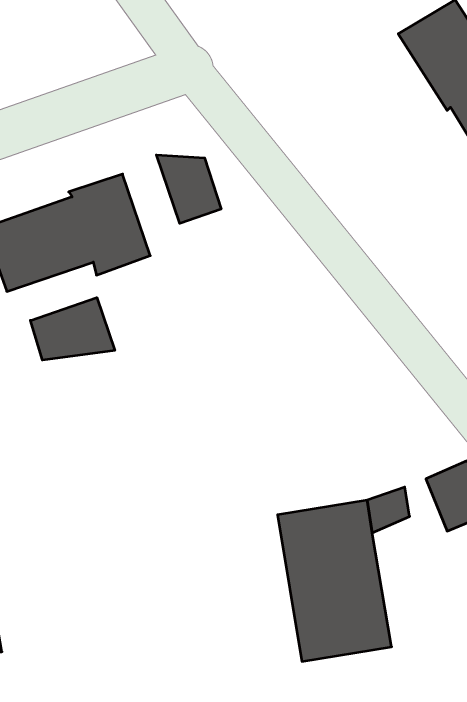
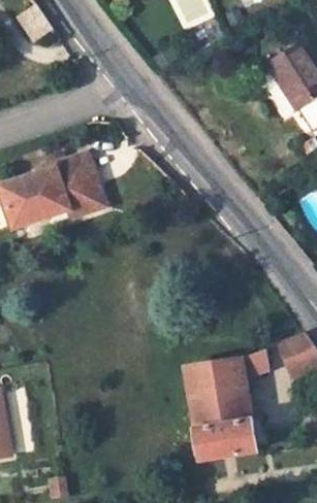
building: [156,155,221,223] -> none
building: [30,298,115,360] -> none

